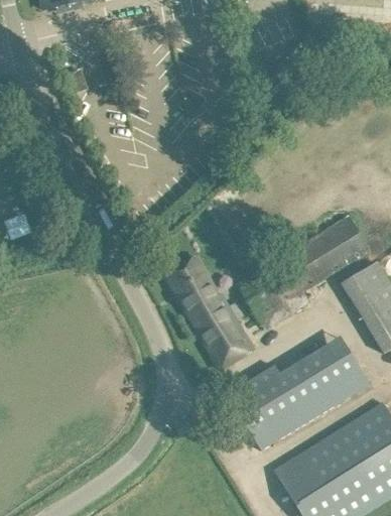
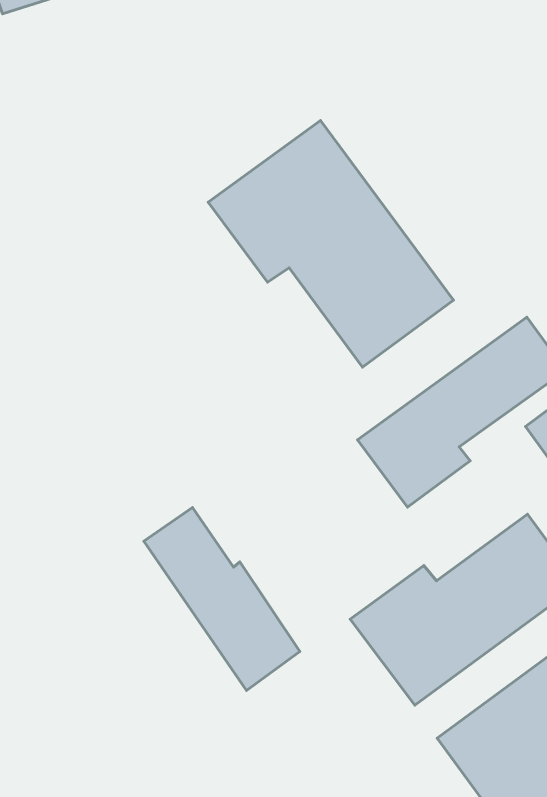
building: none -> [208,121,453,367]
building: [165,256,255,370] -> [144,508,300,690]

